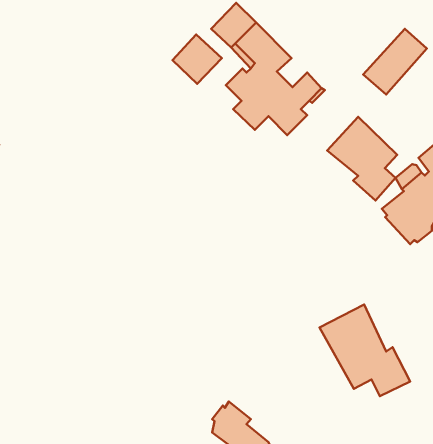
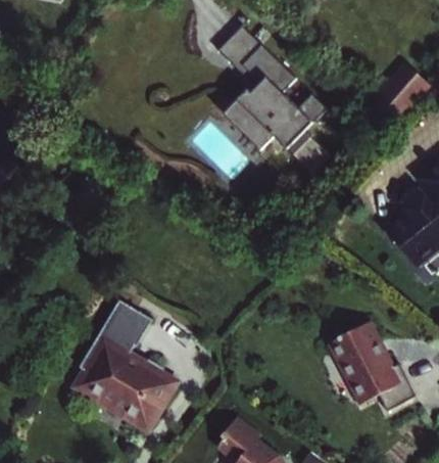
building: [173,34,222,84] -> none
building: [327,117,397,201] -> none
building: none -> [76,299,173,428]

